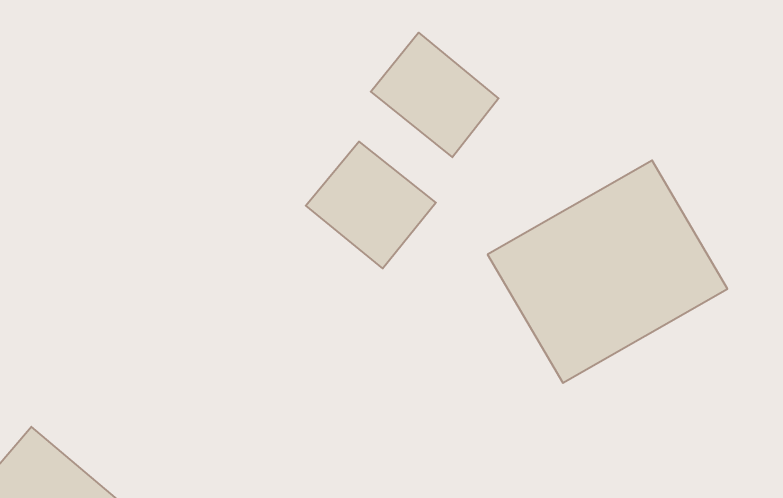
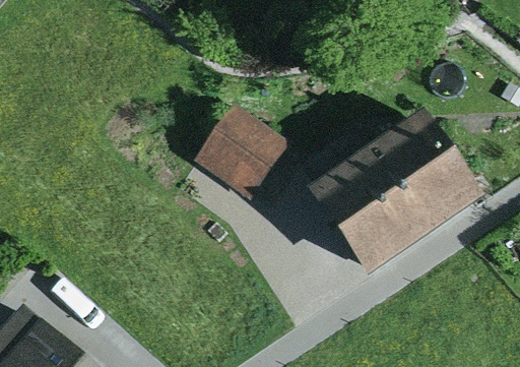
building: [371,33,499,157] -> none

